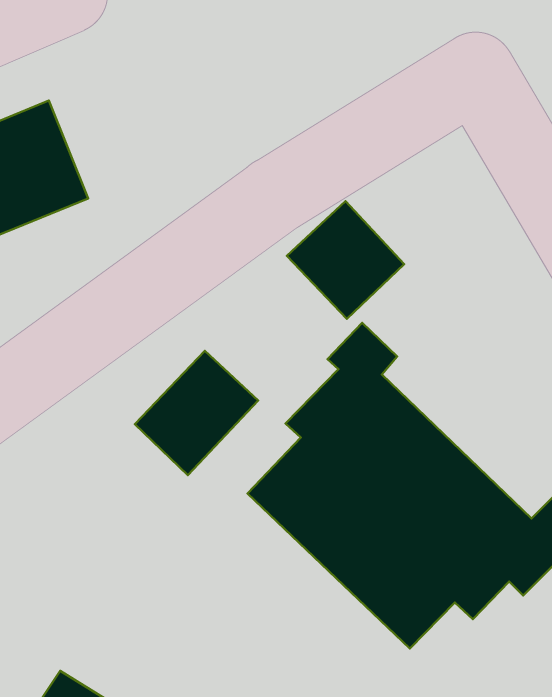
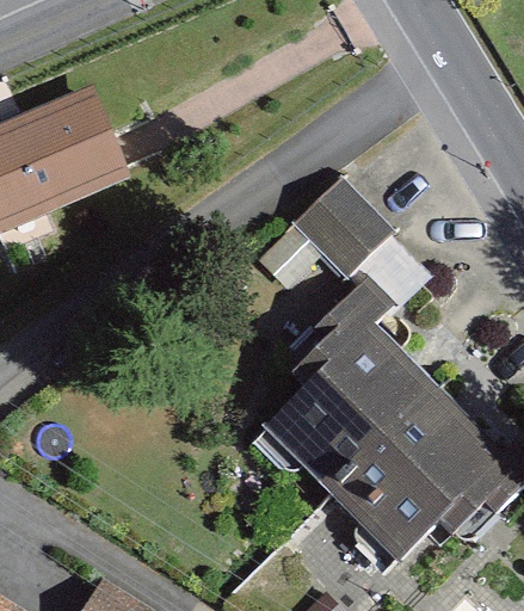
building: [135,351,258,475] -> none

